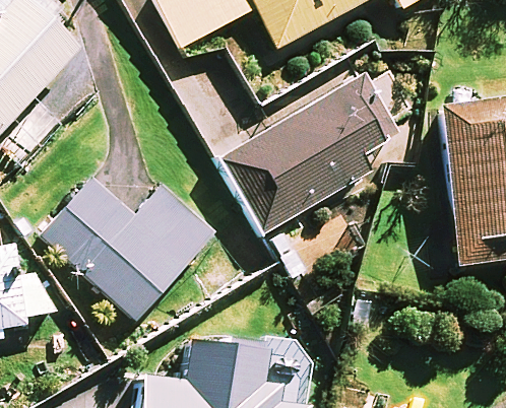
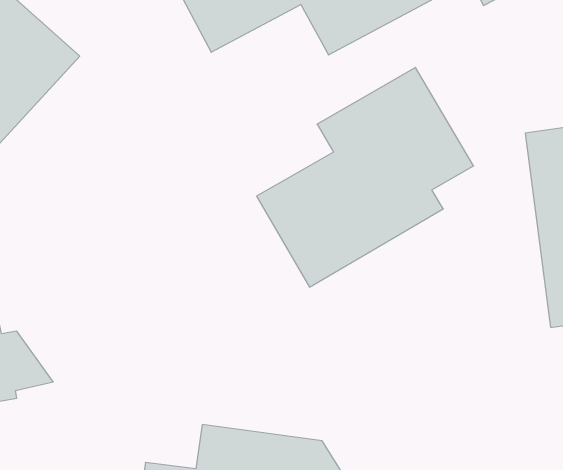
building: [43,179,215,321] -> none

